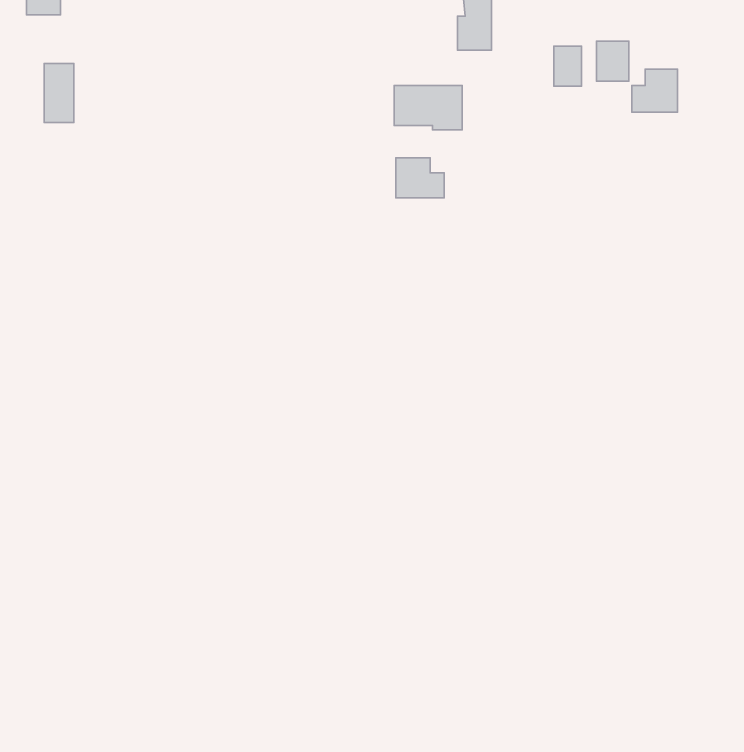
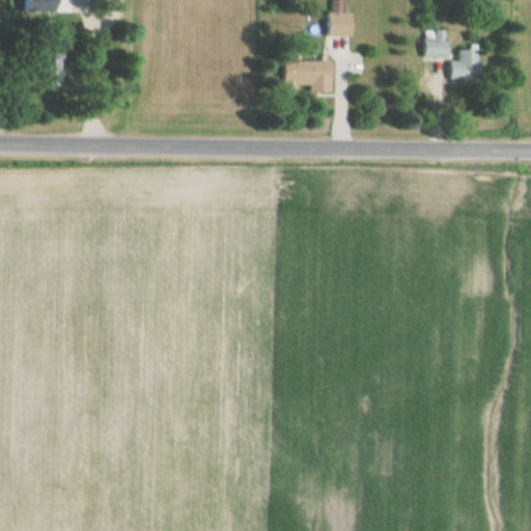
building: [554,46,582,86] -> none
building: [396,158,444,198] -> none

